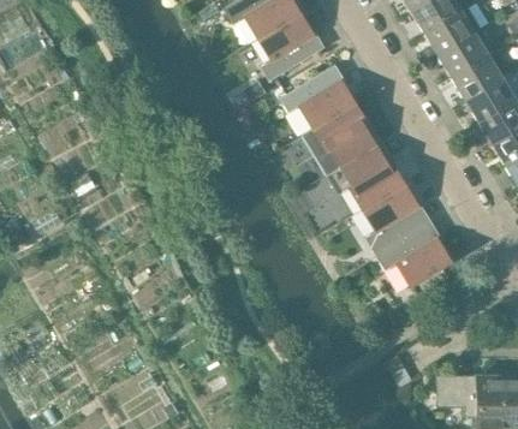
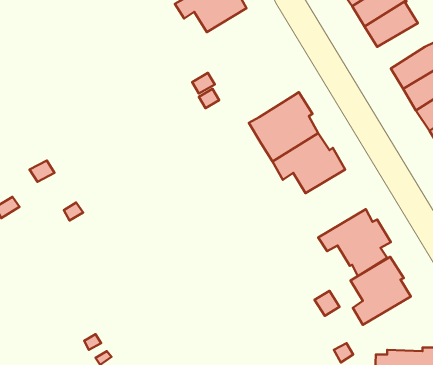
building: [257,13,318,82] -> none
building: [437,29,488,77] -> none
building: [279,68,355,129] -> none
building: [362,184,425,256] -> [350,257,411,325]

